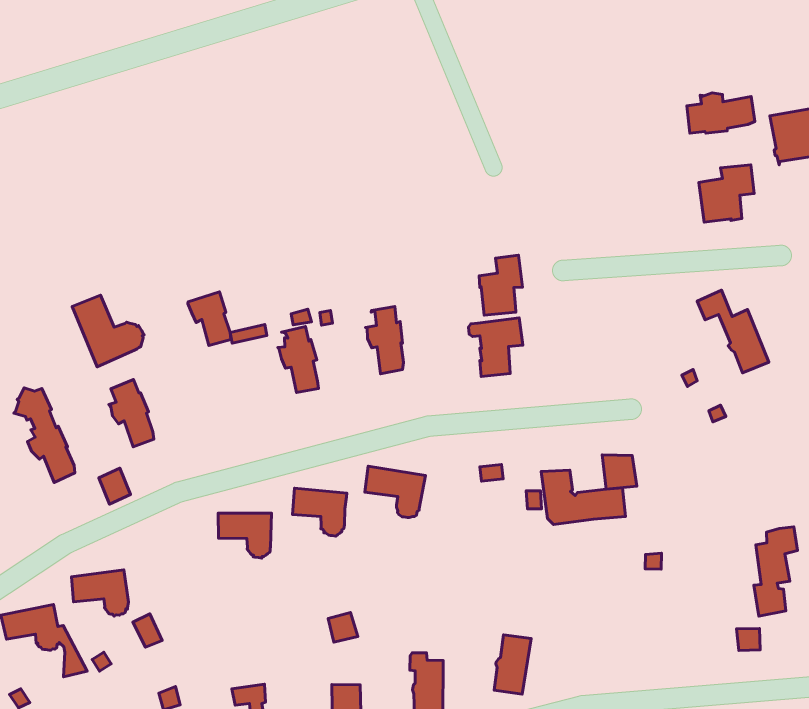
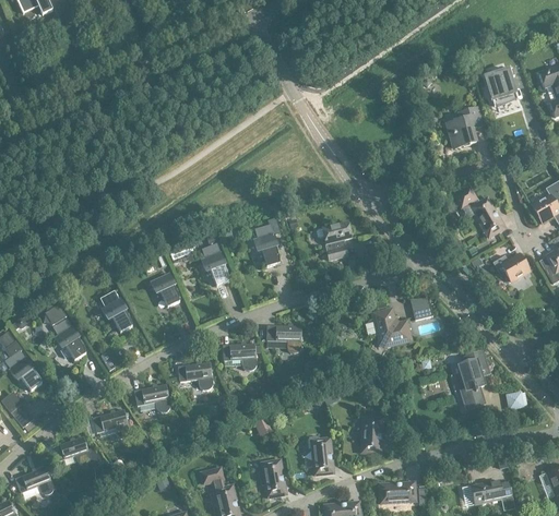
building: [687,93,755,133] -> none
building: [479,255,523,315] -> none
building: [188,292,231,345] -> [150,273,179,307]
building: [72,295,144,367] -> none
building: none -> [491,254,528,281]
building: [754,527,798,616] -> [459,351,485,409]
building: none -> [133,384,169,412]

